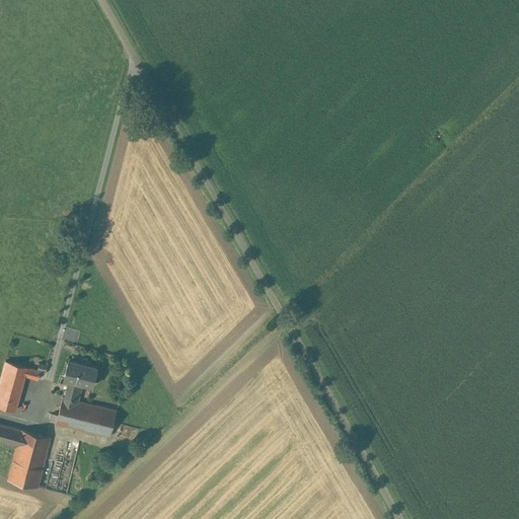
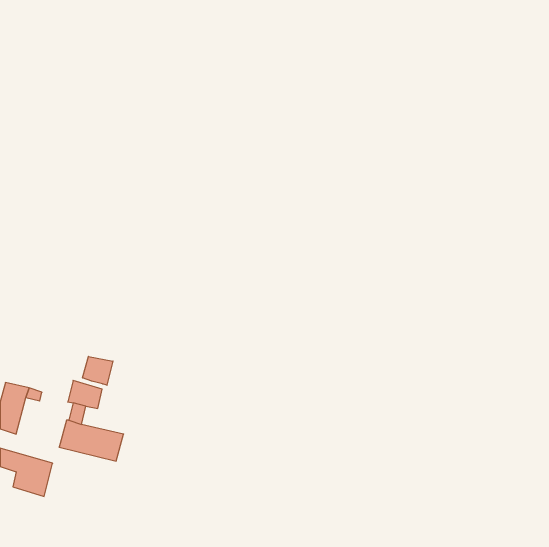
building: none -> [83,356,113,385]
building: [7,461,42,489] -> none

